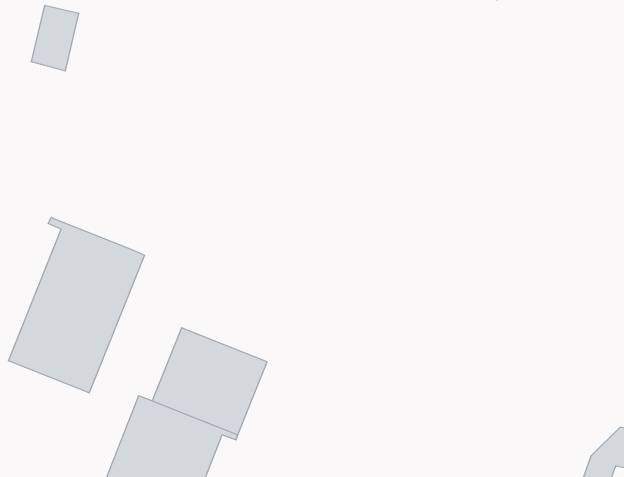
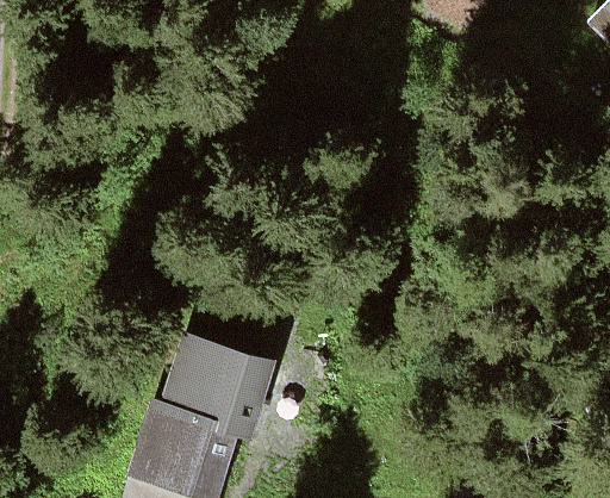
building: [8,217,145,393] -> none

